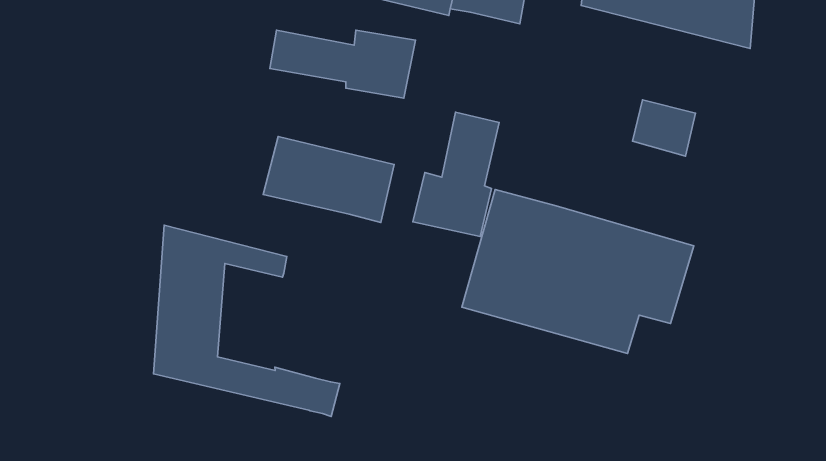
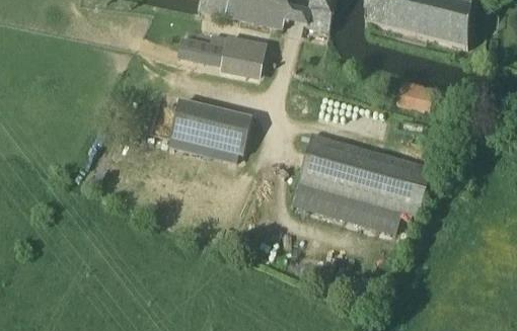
building: [413,112,499,236] -> none
building: [153,225,340,416] -> none

